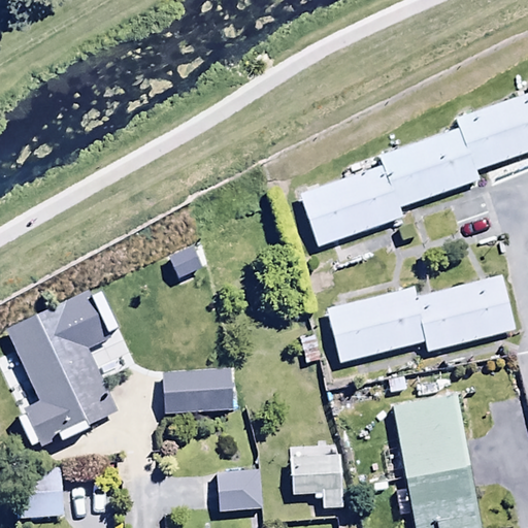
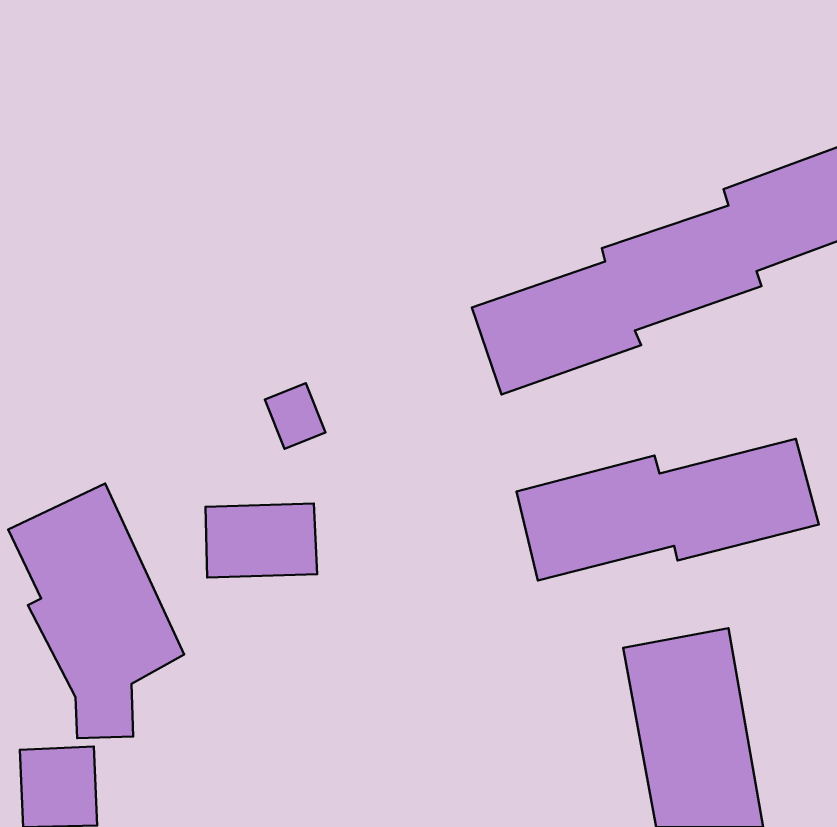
building: [162,367,232,414] -> [205,503,317,577]
building: [289,424,342,506] -> none
building: [218,469,262,512] -> none

